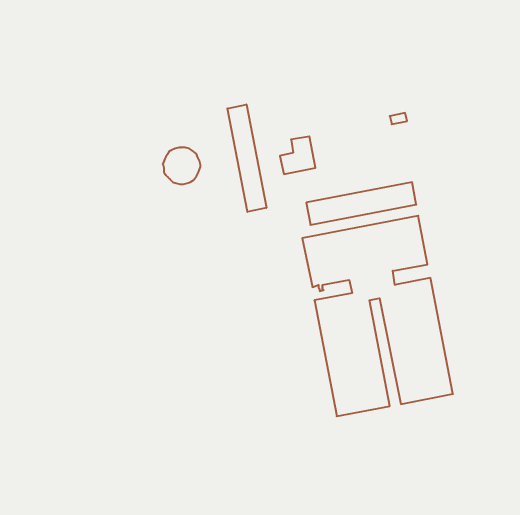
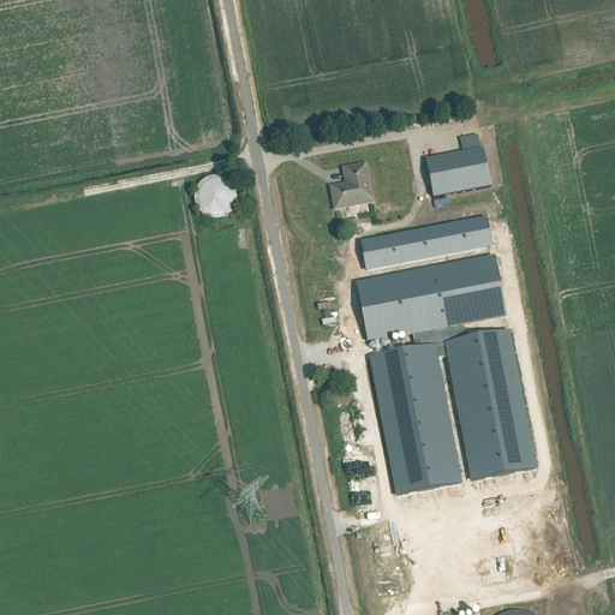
building: [227,104,266,212] -> none
building: none -> [424,145,489,195]

